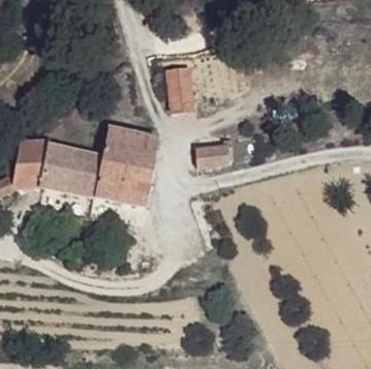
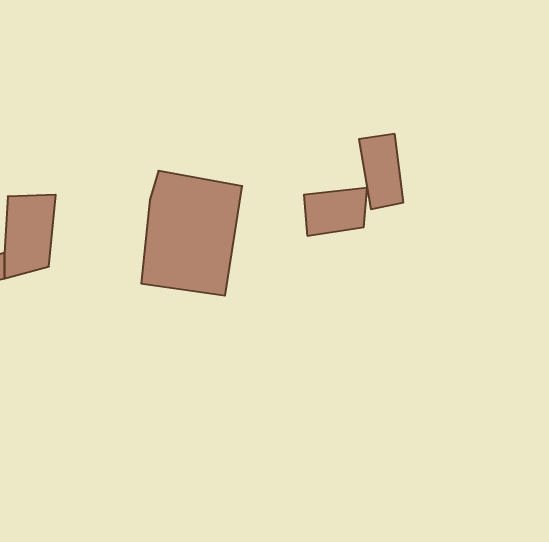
building: [164,66,191,112] -> [359,134,403,209]
building: [41,143,102,196] -> none

